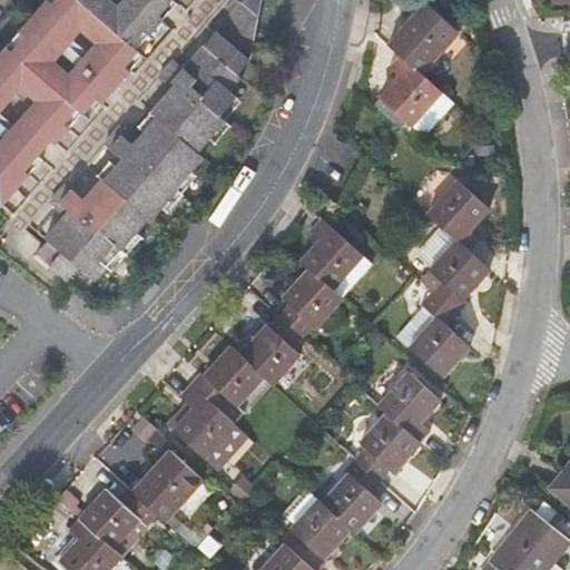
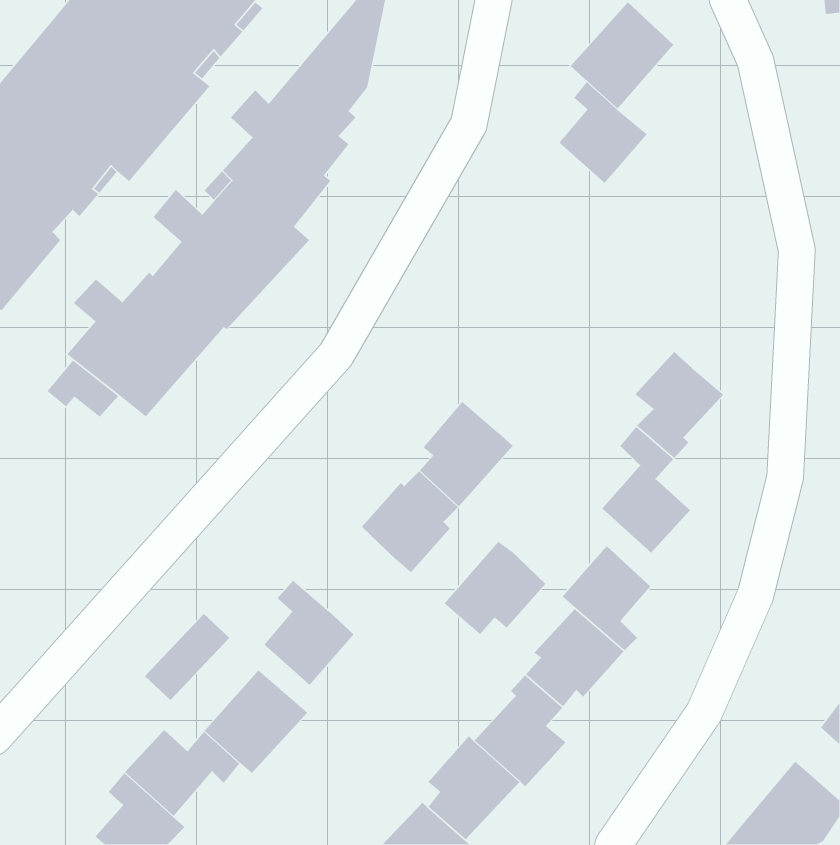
building: [424,177,484,247] -> none
building: [303,219,365,291] -> none
building: [197,347,266,411] -> [444,541,546,635]

